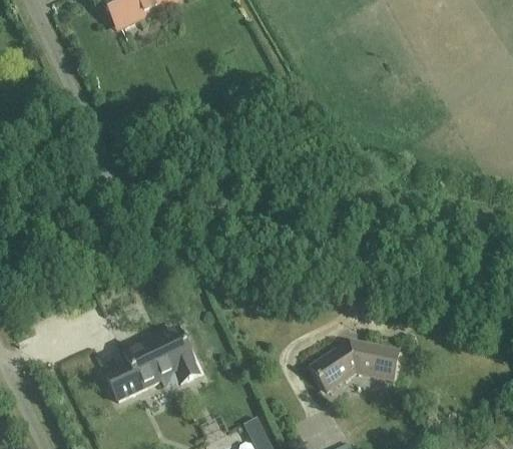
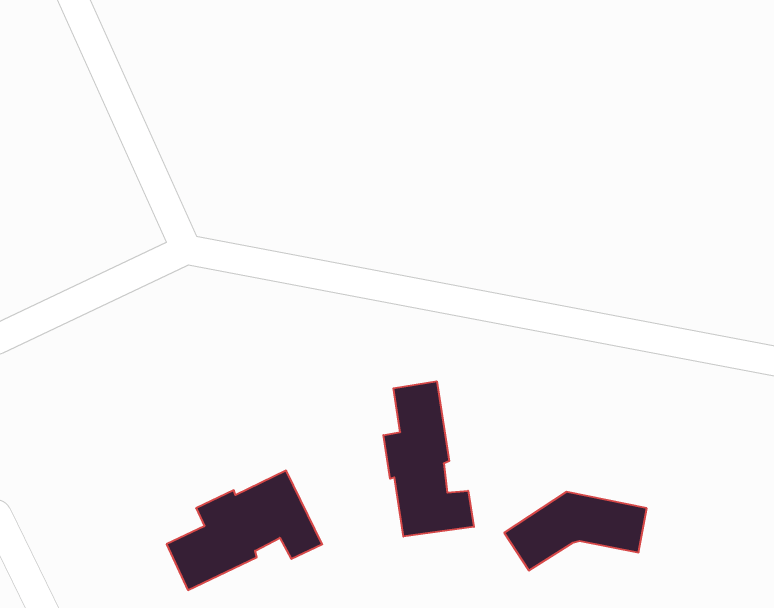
building: none -> [383,381,474,537]

